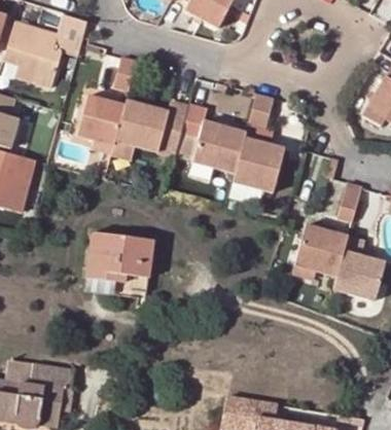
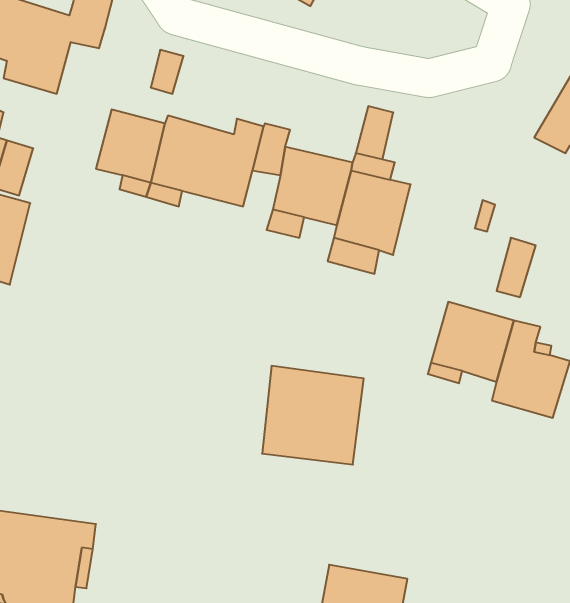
building: [87,231,154,296] -> [262,366,364,465]

